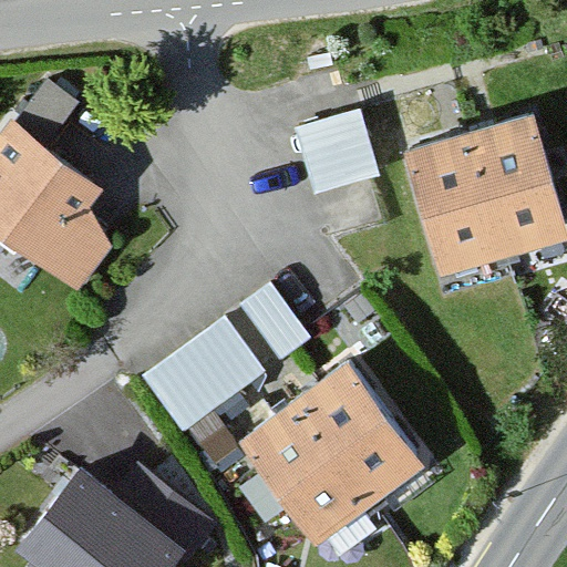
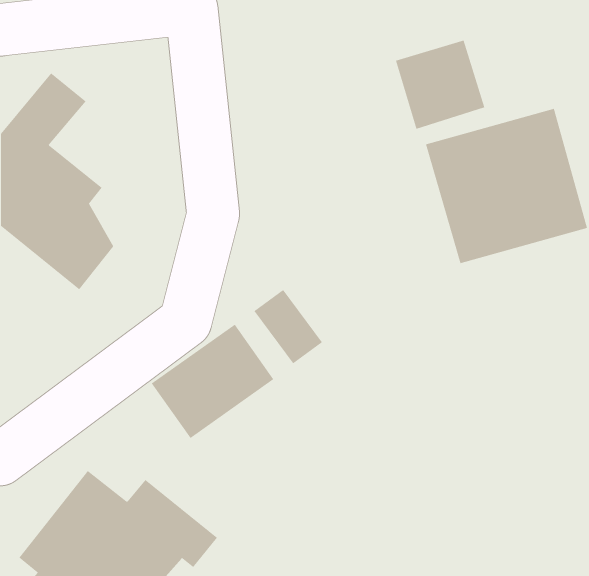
building: [293,113,380,199] -> [395,40,485,130]
building: [239,357,429,539] -> none

